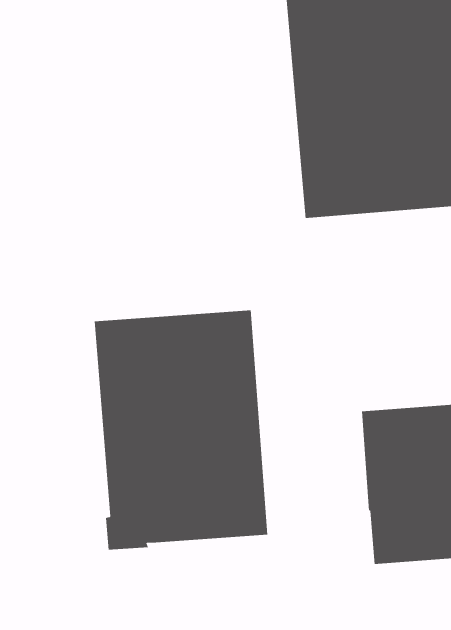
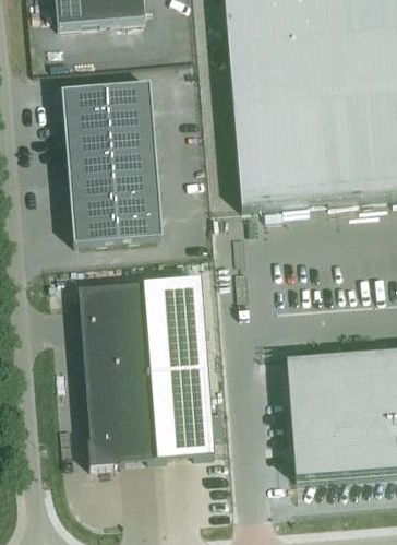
building: none -> [62,81,163,241]

